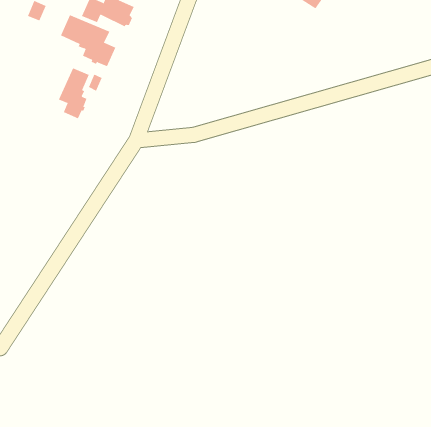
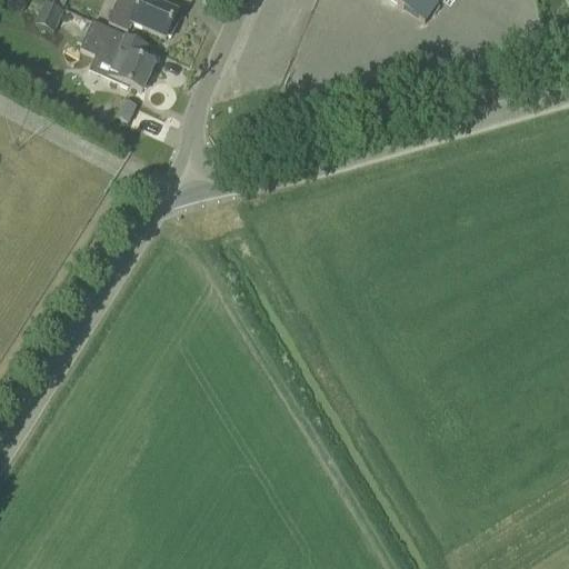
building: [58,67,89,119] -> none

